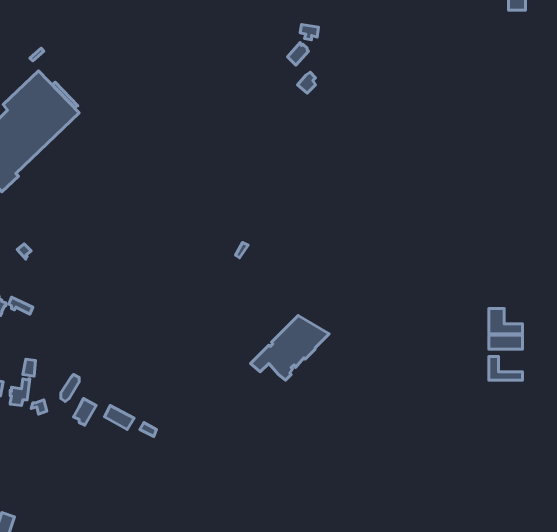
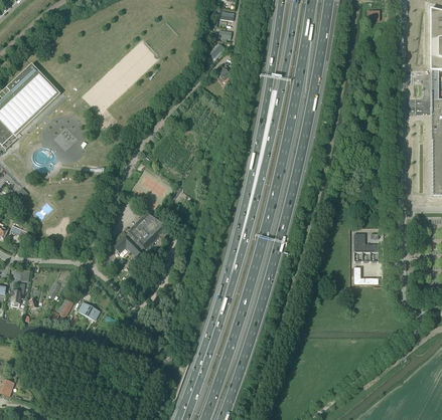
building: [250,316,329,380] -> [113,212,169,258]

